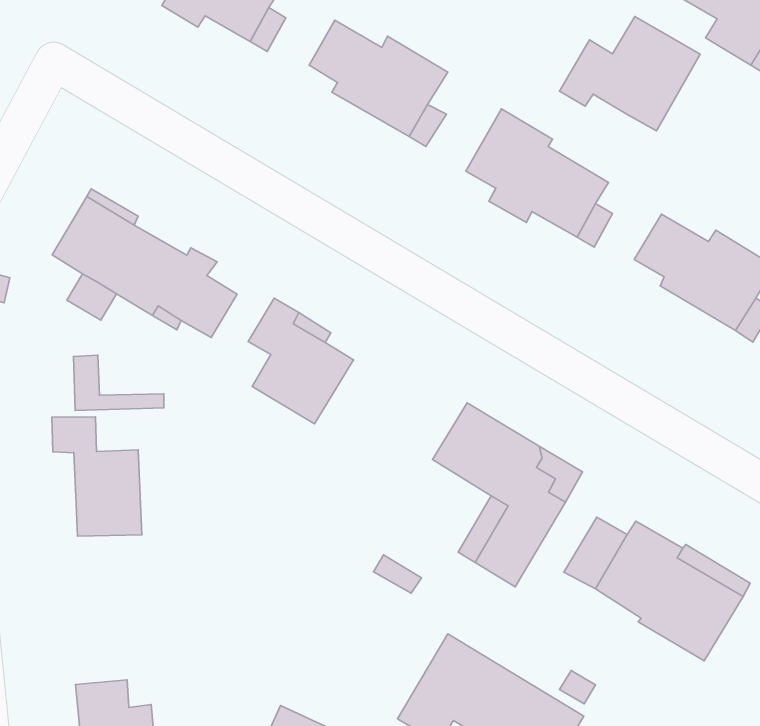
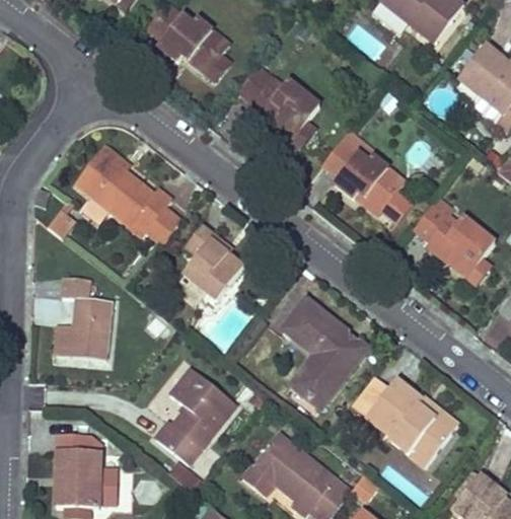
building: [560,16,700,131] -> none
building: [74,355,164,410] -> [56,323,108,360]
building: none -> [156,368,236,463]

